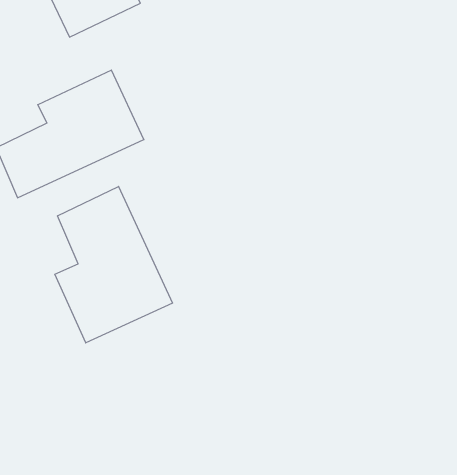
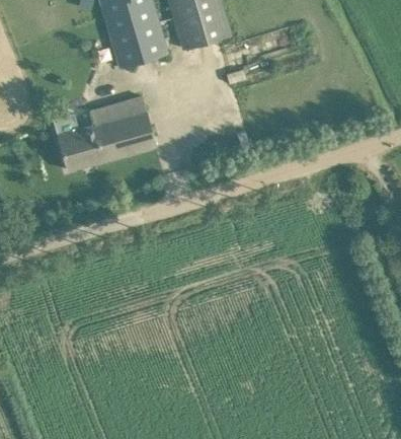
building: [55,186,173,343] -> none

